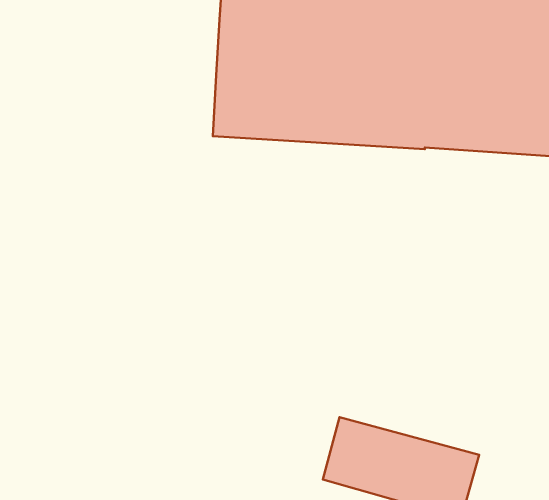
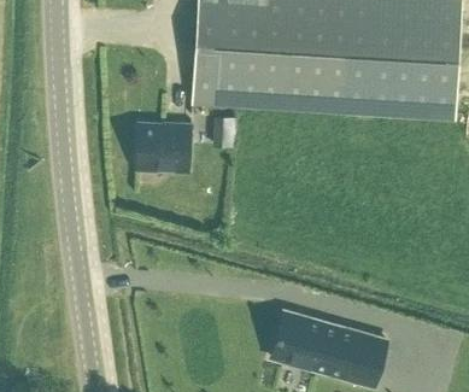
building: none -> [135,119,193,172]

